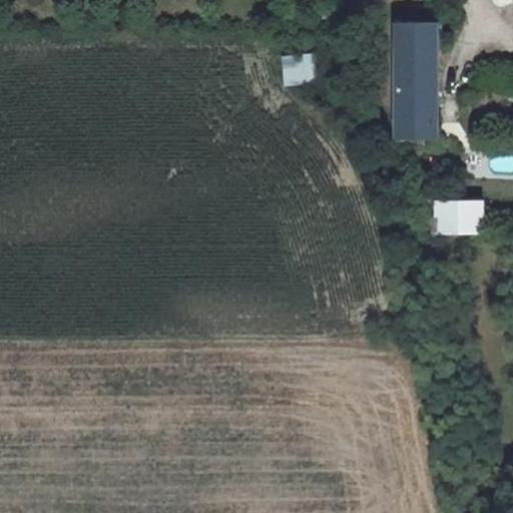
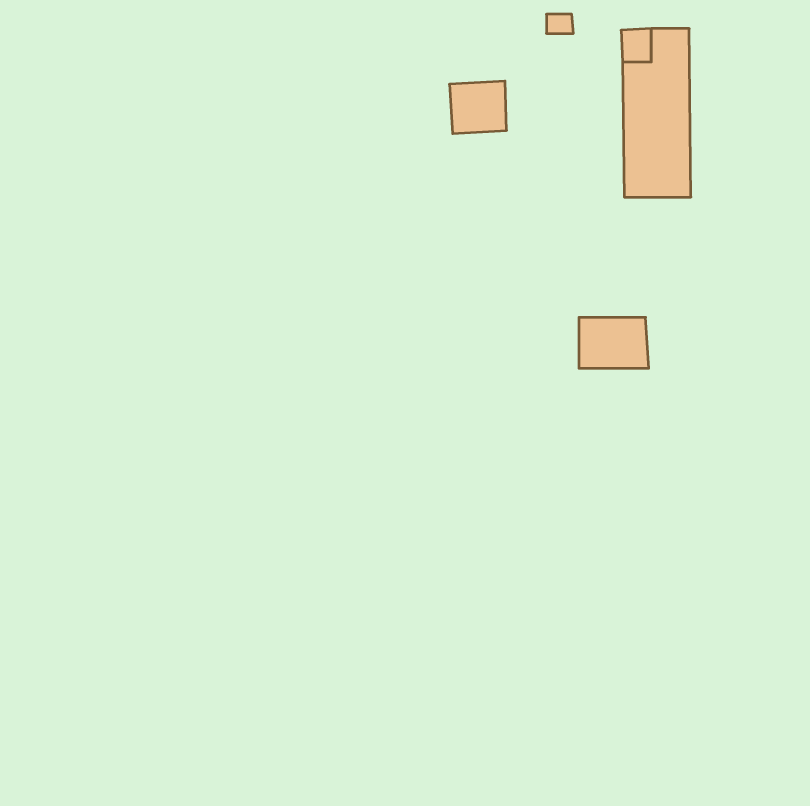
building: [435,202,479,234] -> [579,317,649,368]

